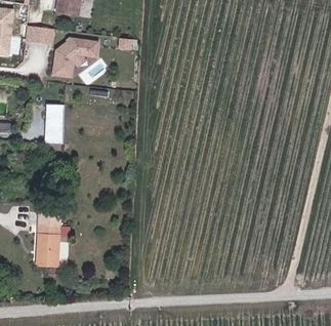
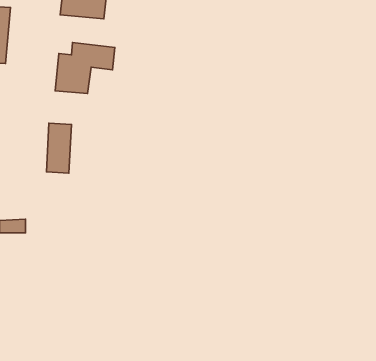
building: [26,26,54,43] -> none
building: [36,227,58,267] -> none

